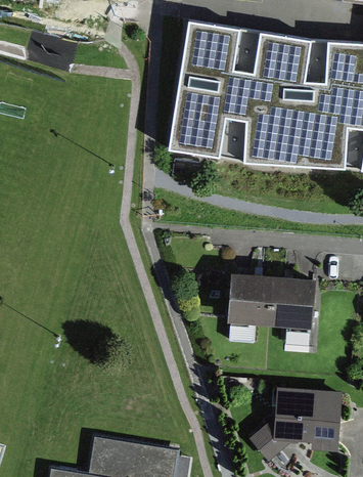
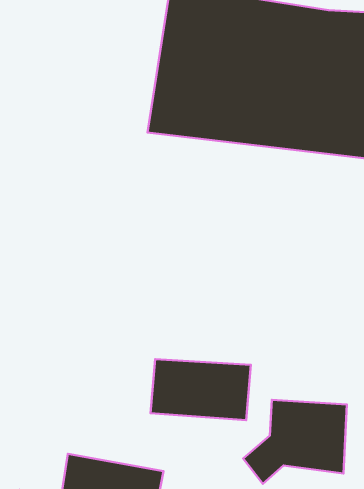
building: [226,274,315,329] -> [150,359,251,420]

